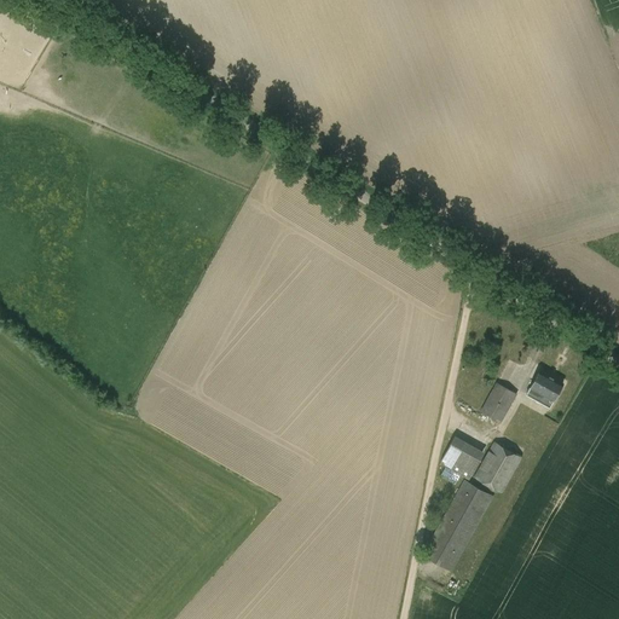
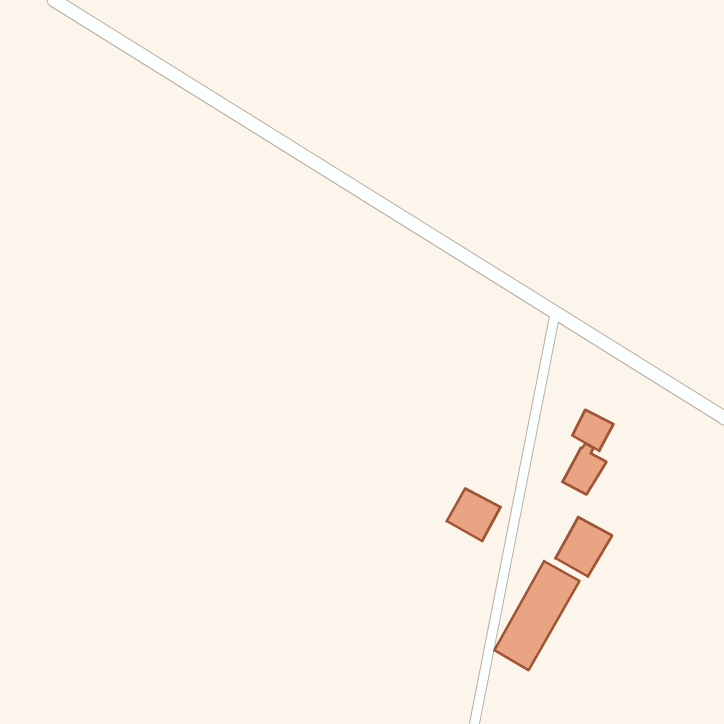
building: [527,371,562,406] -> [572,410,613,451]
building: [439,435,485,480] -> [447,489,501,541]

